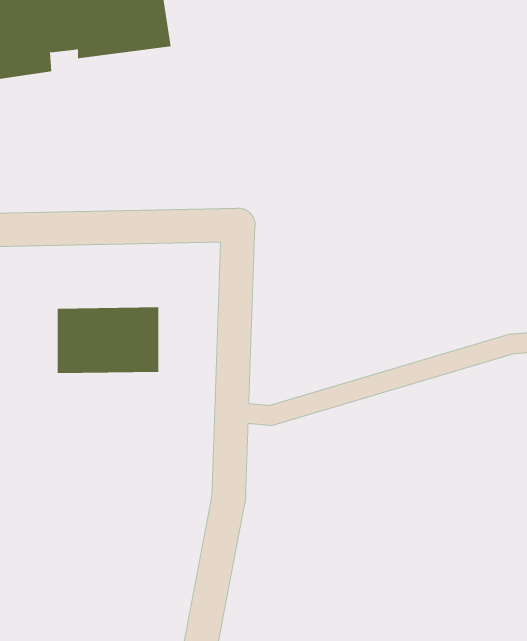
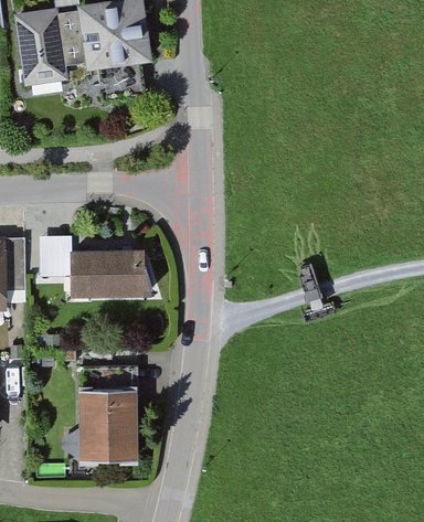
building: none -> [41,239,71,278]
building: none -> [78,390,138,473]

